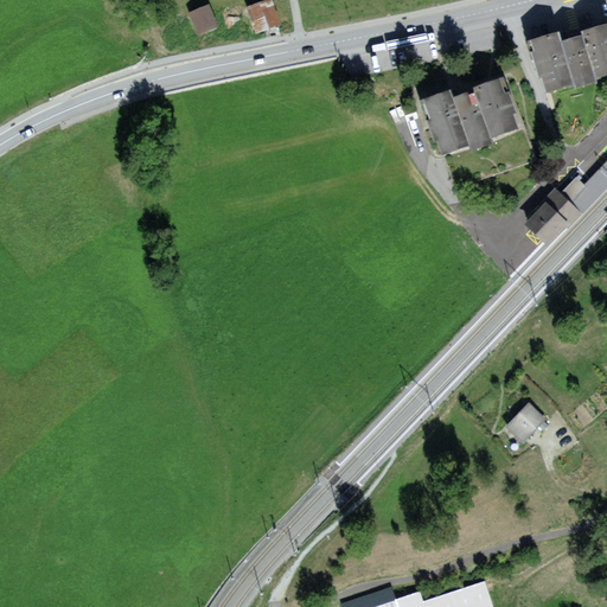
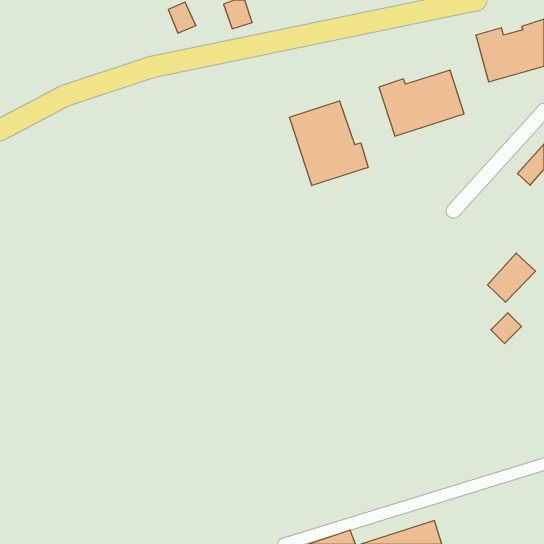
building: none -> [290,101,368,186]
building: [524,190,577,244] -> [488,253,535,302]
building: [509,405,543,440] -> [491,313,522,344]

